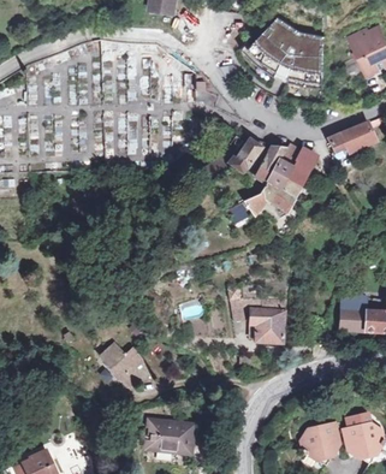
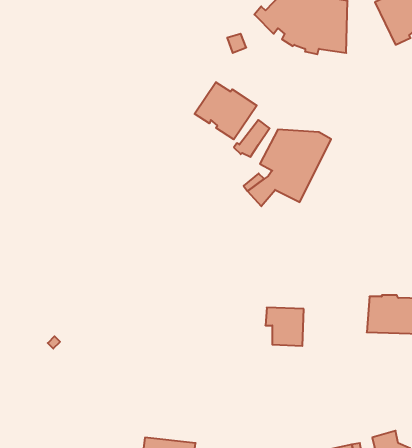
building: none -> [195,82,257,139]
building: [326,125,369,153] -> none
building: [102,342,150,383] -> none

